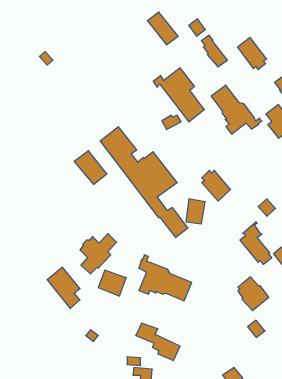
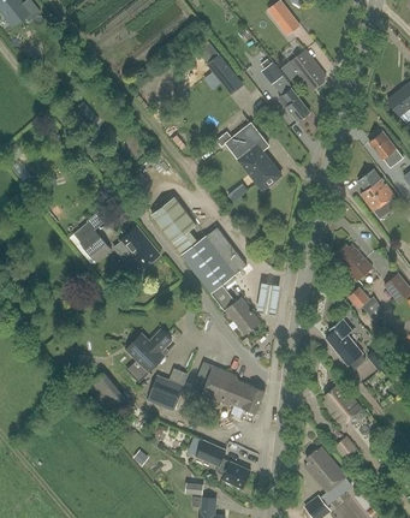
building: [238,38,267,69] -> [289,49,325,89]
building: [211,85,262,134] -> none
building: none -> [72,222,109,262]
building: [202,170,231,201] -> [335,243,372,281]
building: none -> [303,446,345,493]

